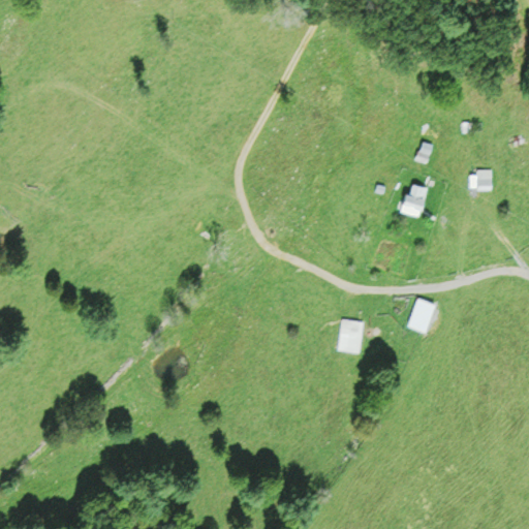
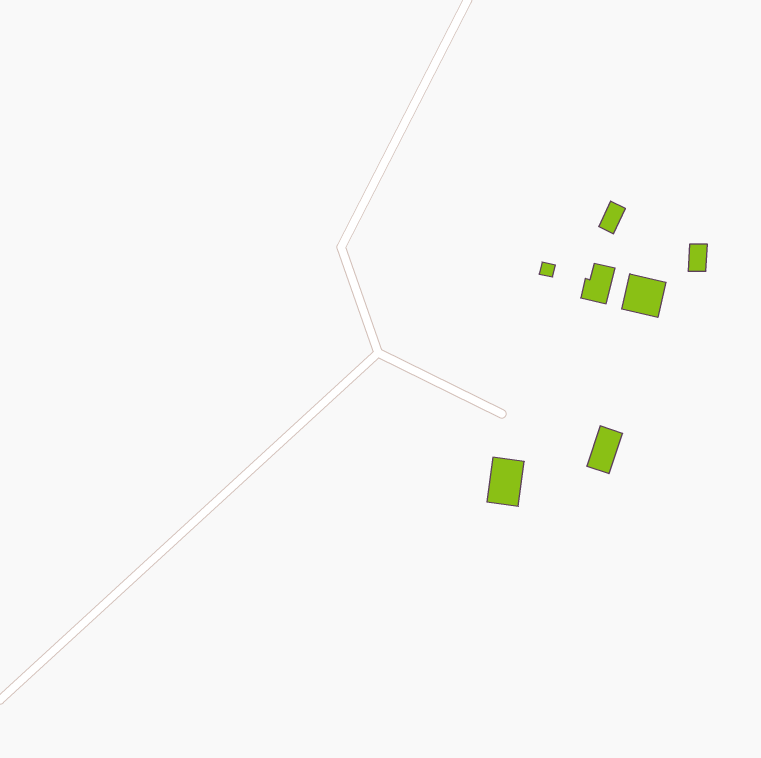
building: none -> [622,274,666,317]

